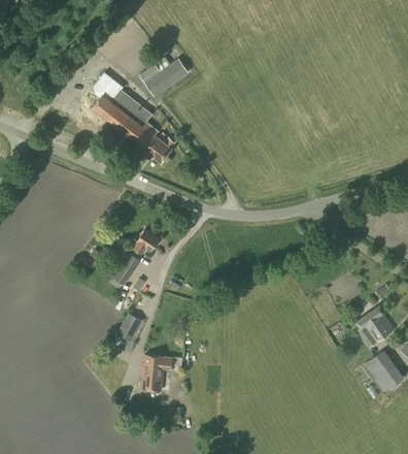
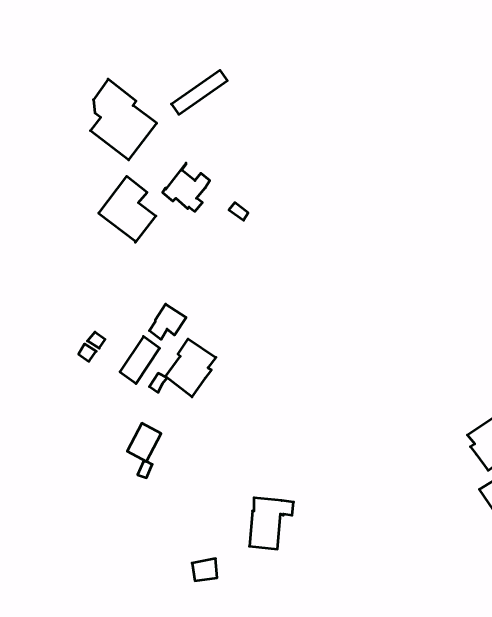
building: [140,59,183,90] -> none
building: [120,103,160,150] -> [99,176,156,242]
building: none -> [166,339,216,397]
building: [142,355,173,391] -> [249,498,294,549]

